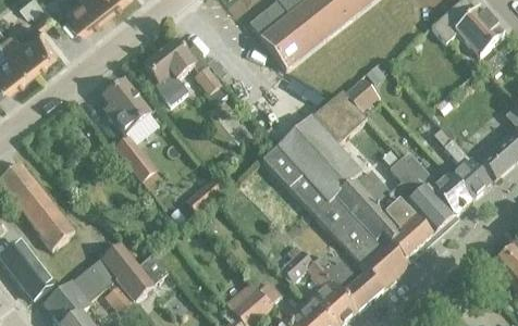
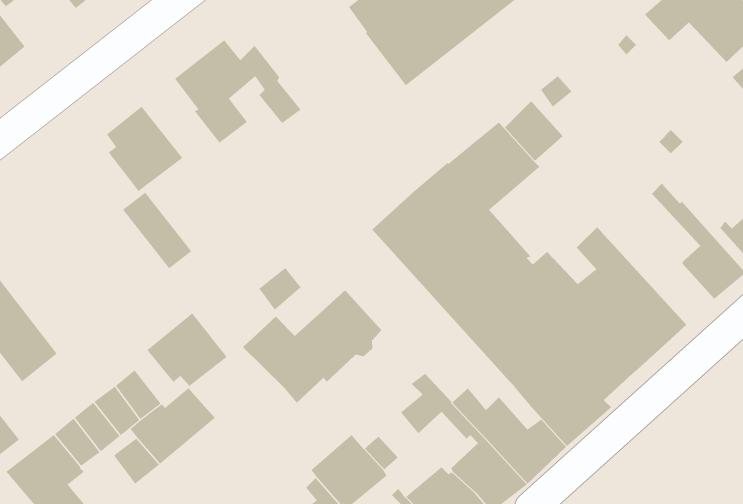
building: [407,158,471,215] -> none
building: none -> [242,289,382,403]
building: none -> [146,312,227,387]

